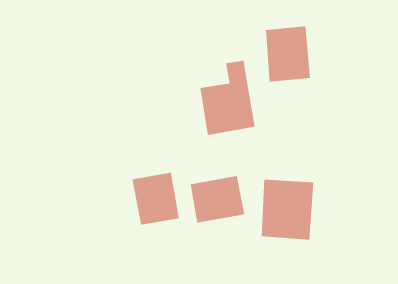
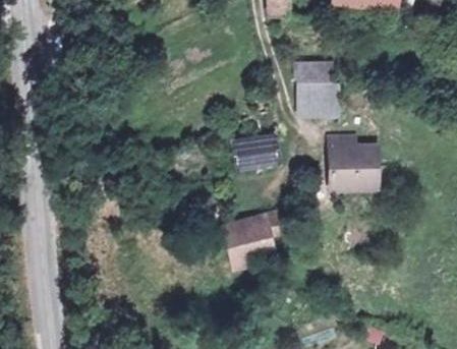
building: [132,172,179,226] -> none
building: [261,179,314,240] -> [323,131,380,196]

